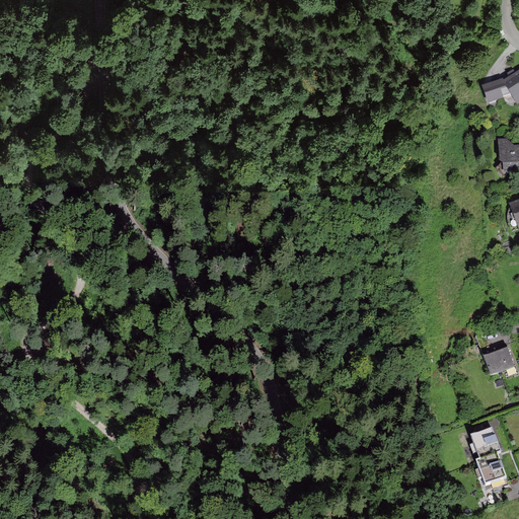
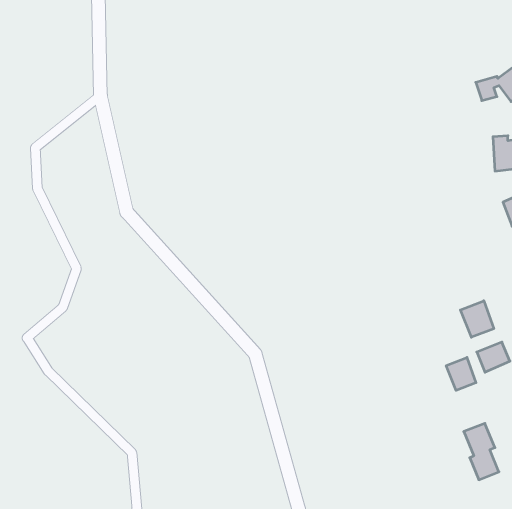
building: none -> [460,301,494,337]
building: none -> [446,357,476,390]

